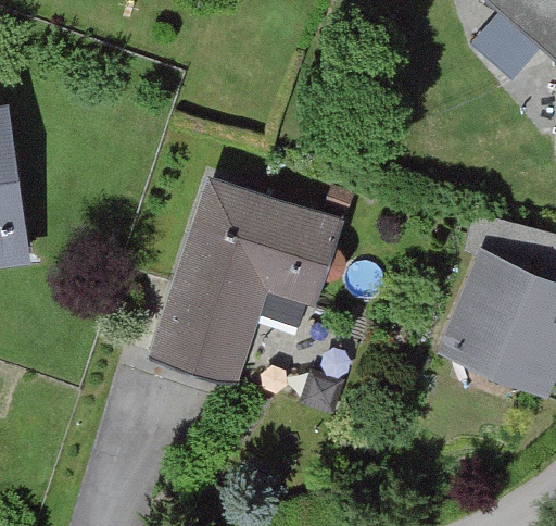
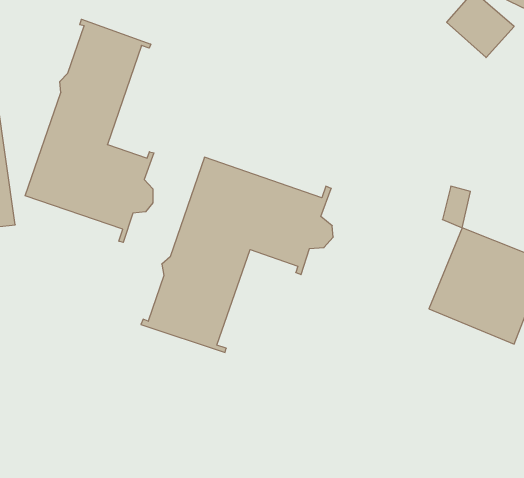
building: none -> [25,19,154,242]

